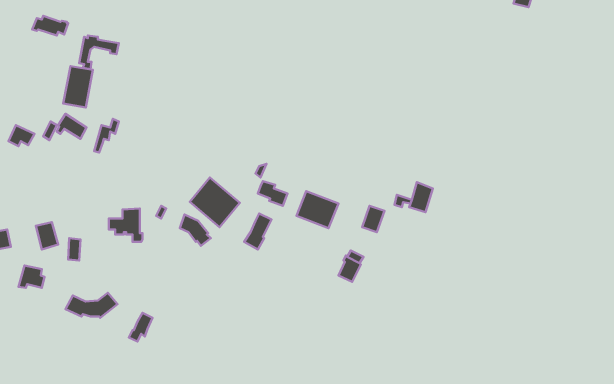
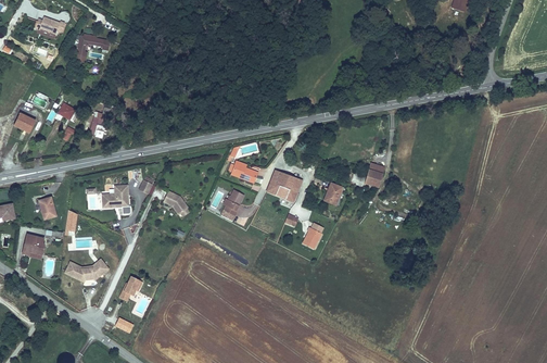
building: [63,66,93,107] -> none
building: [190,177,240,227] -> none

